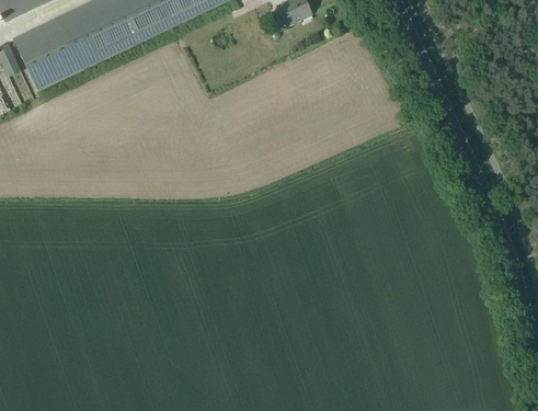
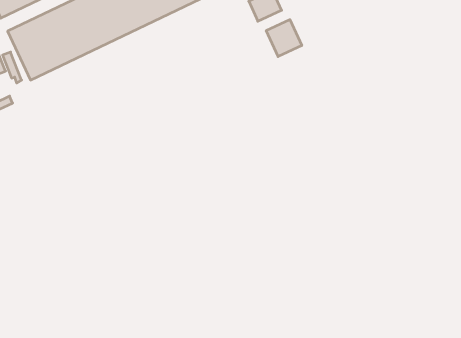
building: none -> [266,20,302,57]

